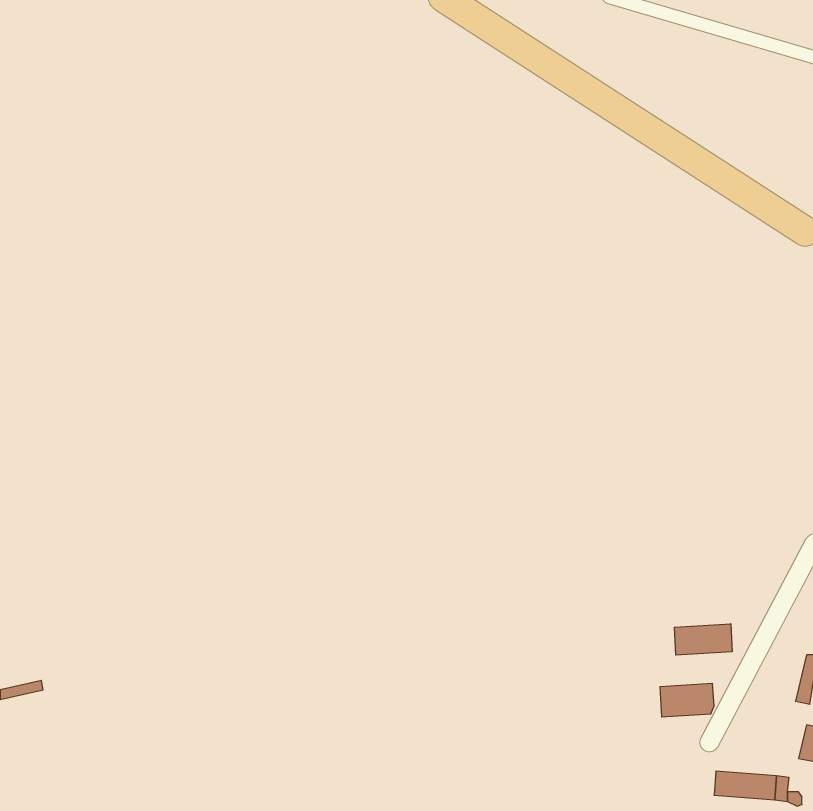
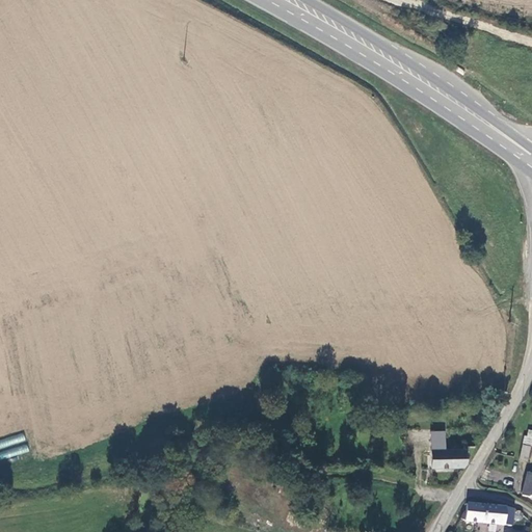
building: [674,624,732,655] -> none

